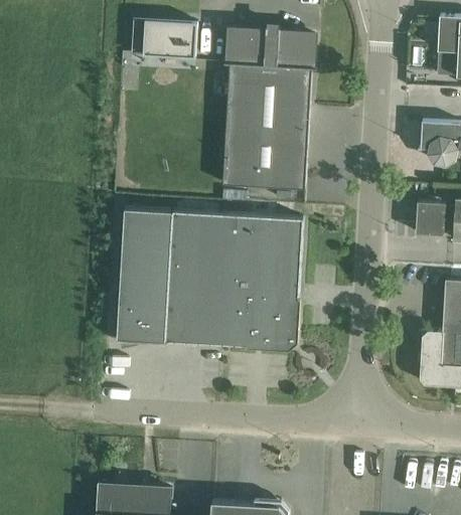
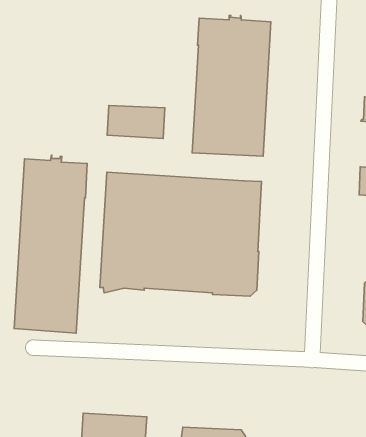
building: [131,19,197,57] -> [107,105,165,139]
building: none -> [14,155,87,333]

